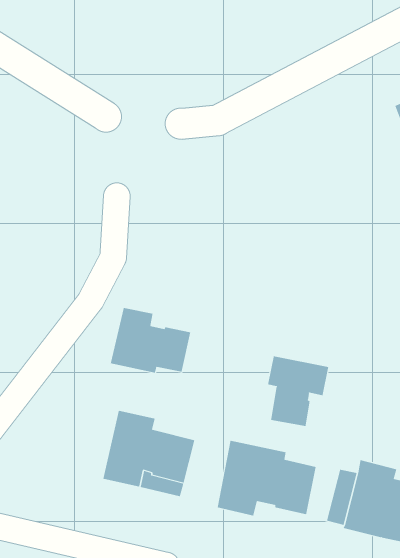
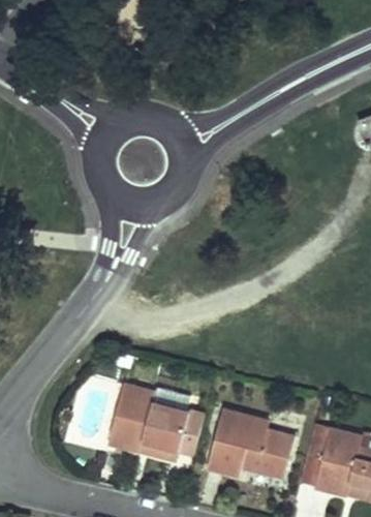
building: [110,307,191,374] -> none
building: [268,355,329,427] -> none

